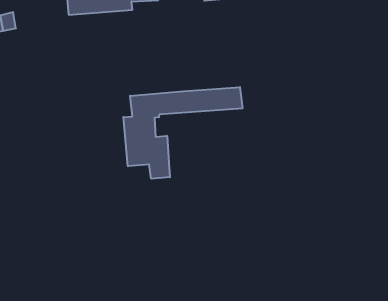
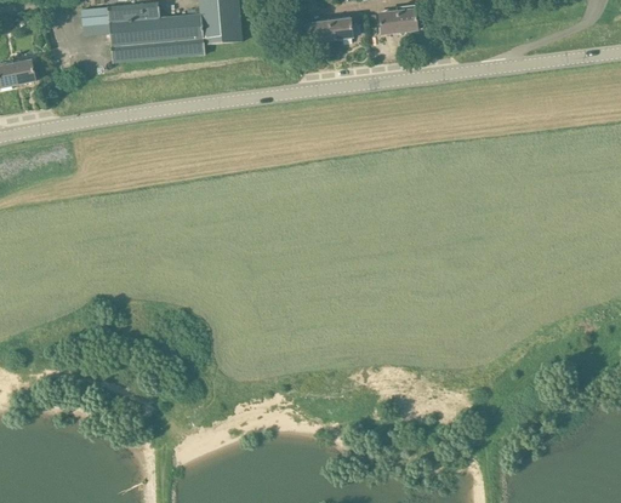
building: [123,87,242,179] -> none

